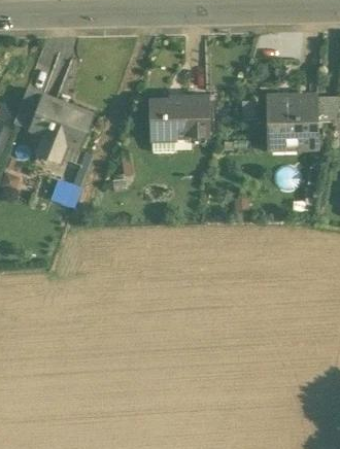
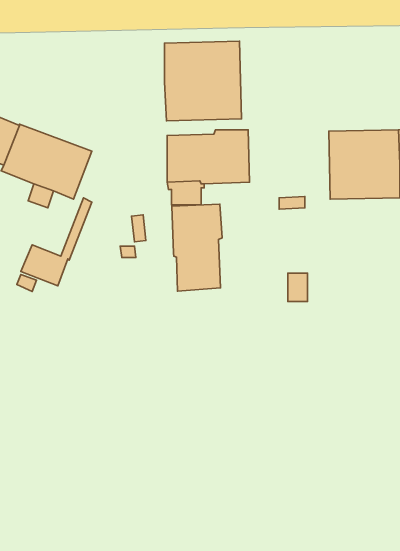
building: none -> [164,41,242,121]
building: none -> [172,204,222,291]

